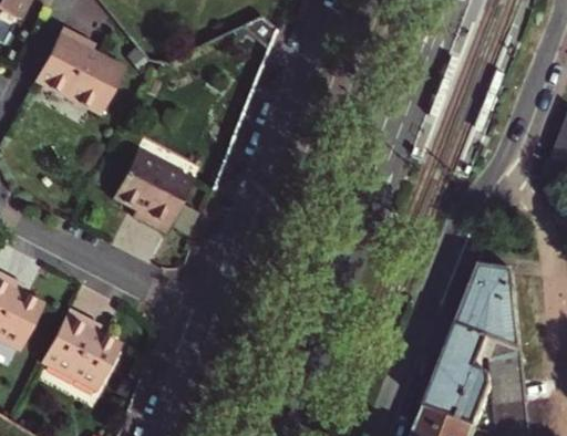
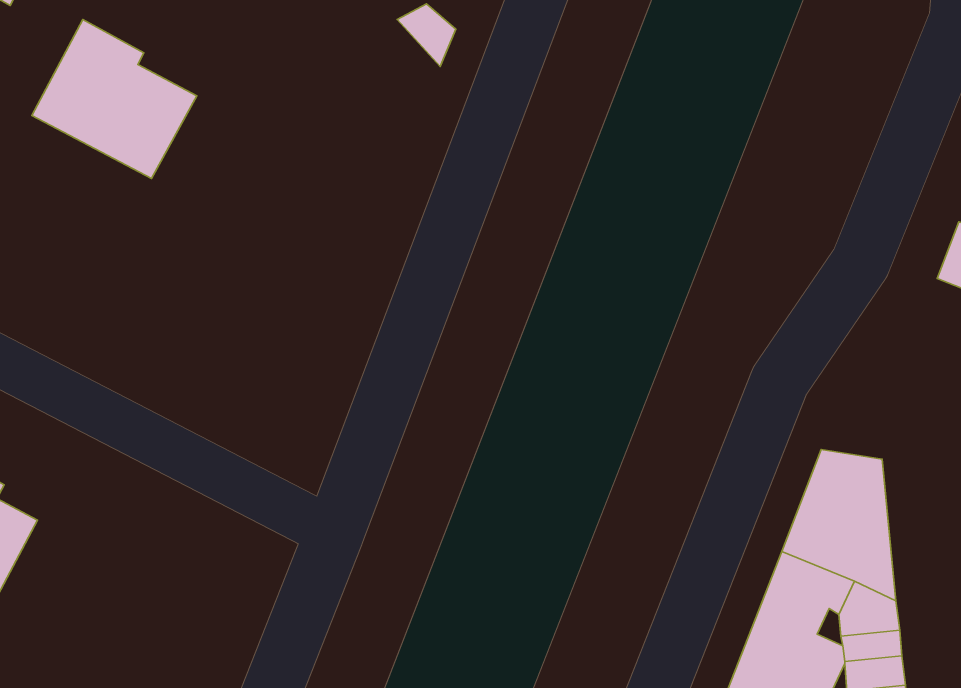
building: [110,149,190,232] -> none
building: [33,311,115,394] -> none

